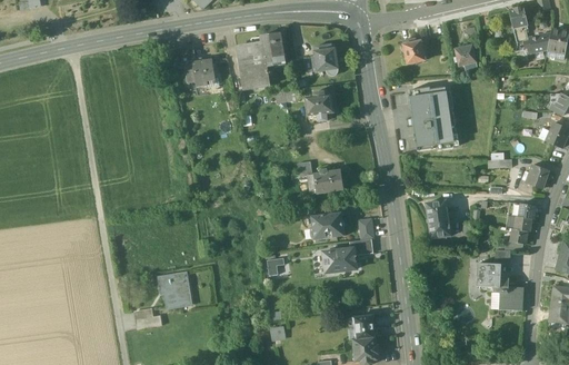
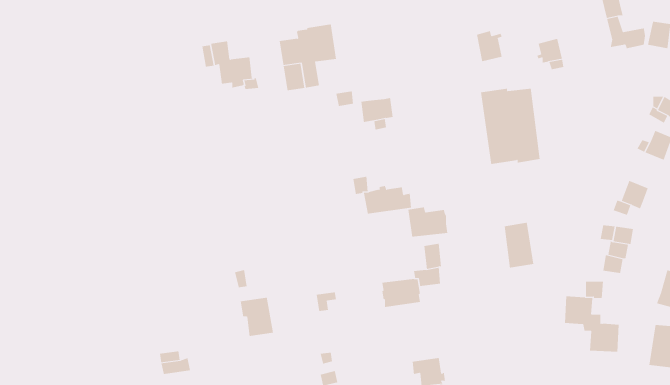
building: [312,45,338,71] -> none
building: [311,214,346,239] -> [408,207,448,237]
building: [160,274,189,307] -> [240,297,274,337]

